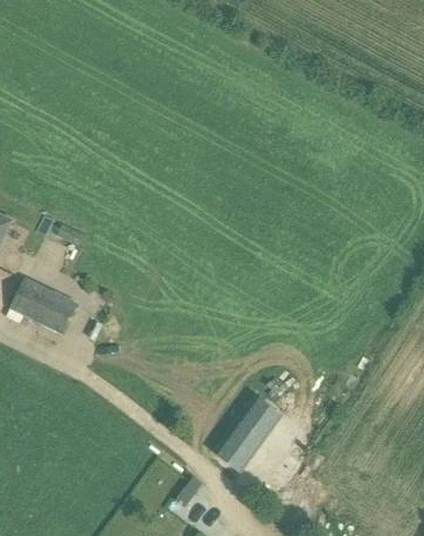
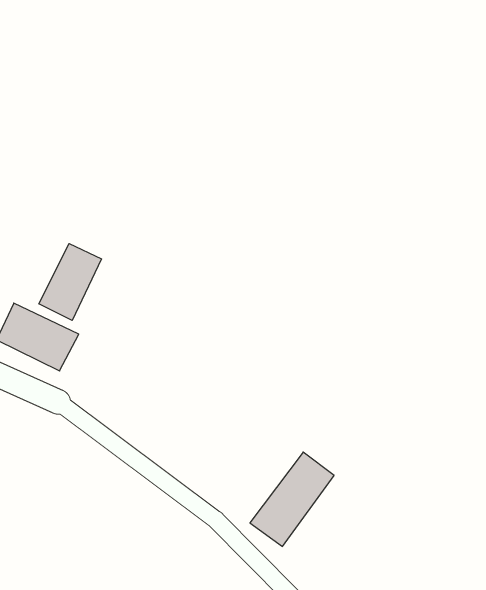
building: none -> [39,244,102,320]

